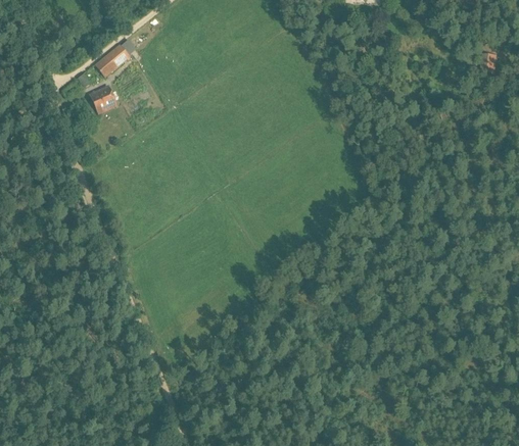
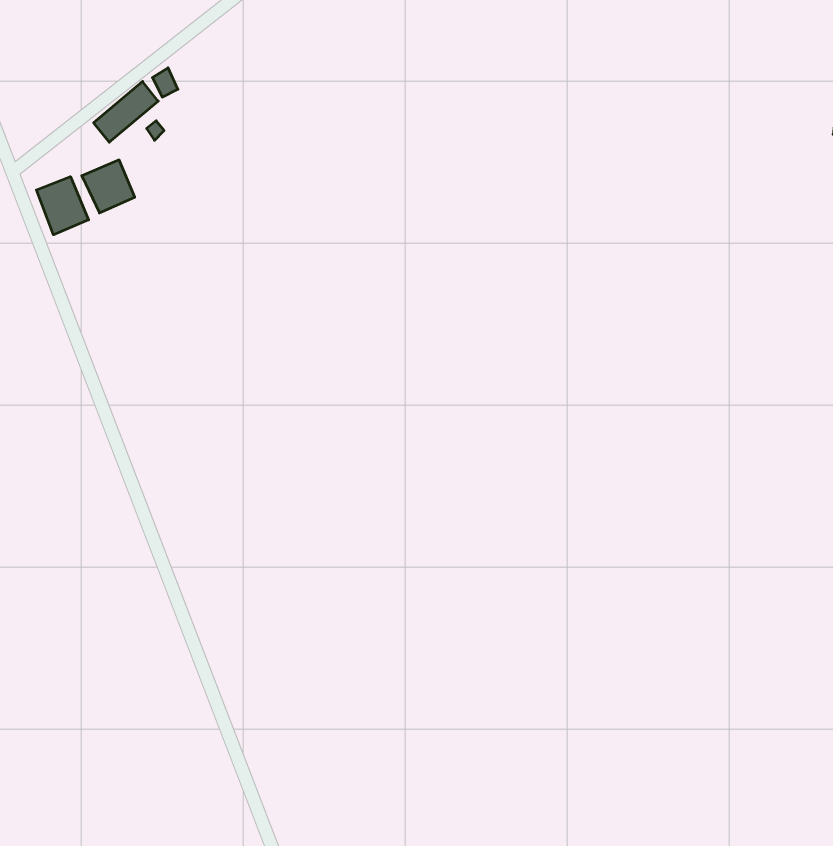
building: none -> [36,177,89,235]

